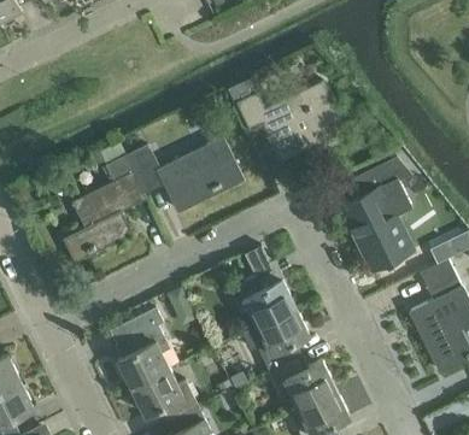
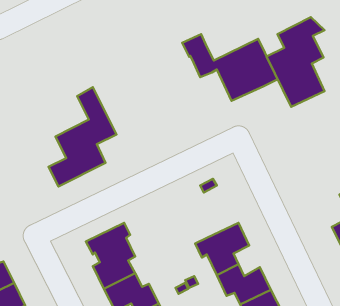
building: [117,133,242,212] -> none
building: [342,159,414,269] -> [267,17,325,107]
building: [228,276,295,327] -> none

